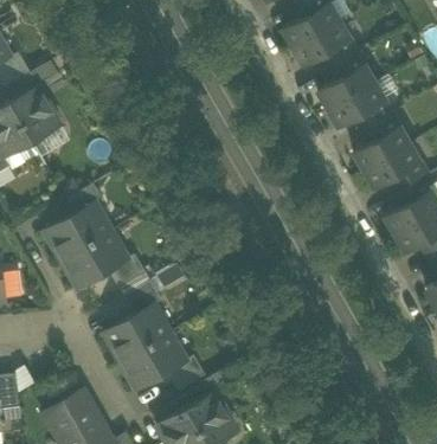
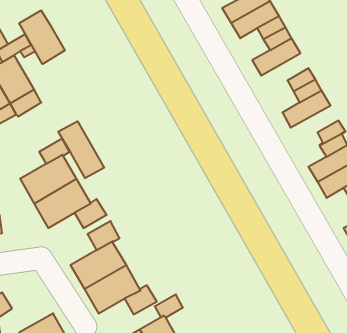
building: none -> [19,10,65,64]
building: [328,83,384,127] -> none
building: [362,144,419,188] -> none
building: none -> [58,121,104,178]

